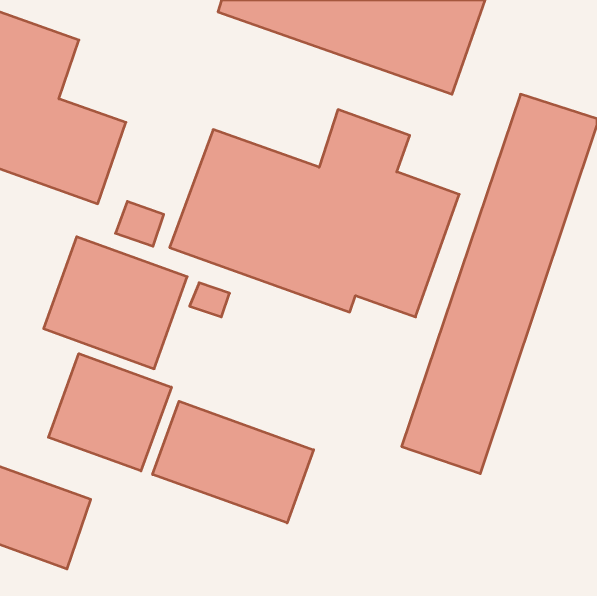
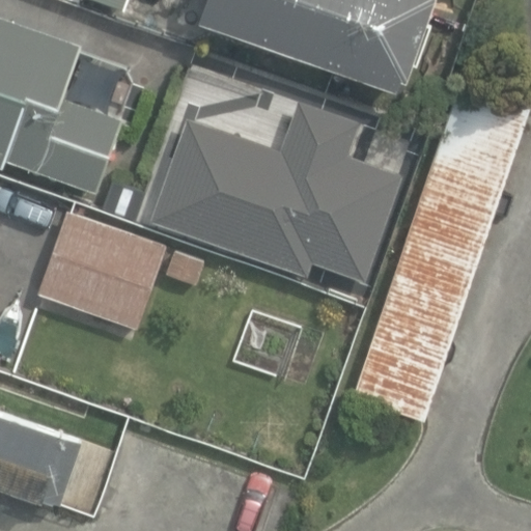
building: [48,354,171,471] -> none
building: [153,401,314,523] -> none

